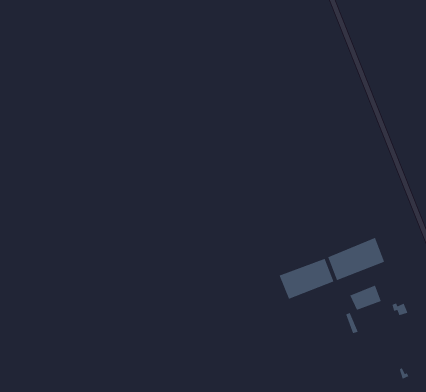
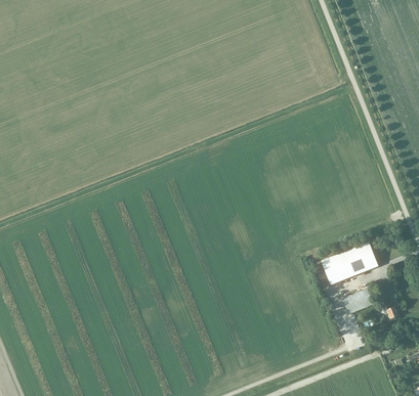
building: [278,258,335,300] -> none

